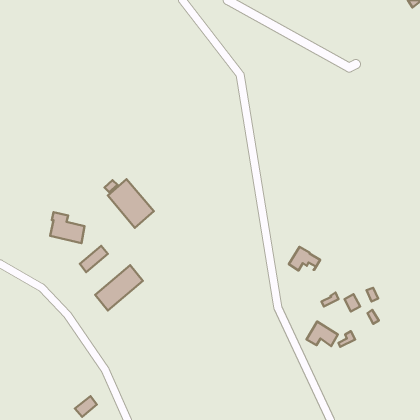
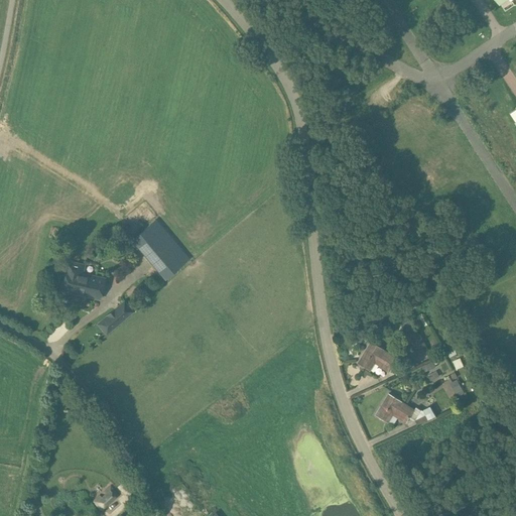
building: [289,247,320,271] -> [358,343,396,372]
building: [95,265,143,310] -> none

